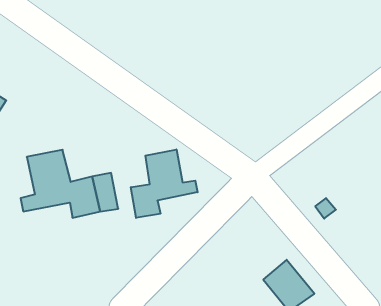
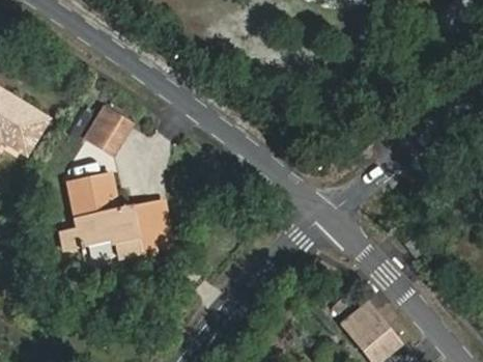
building: none -> [86,109,131,154]
building: [131,149,198,218] -> none

